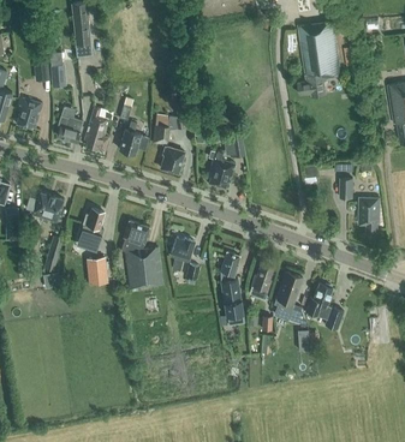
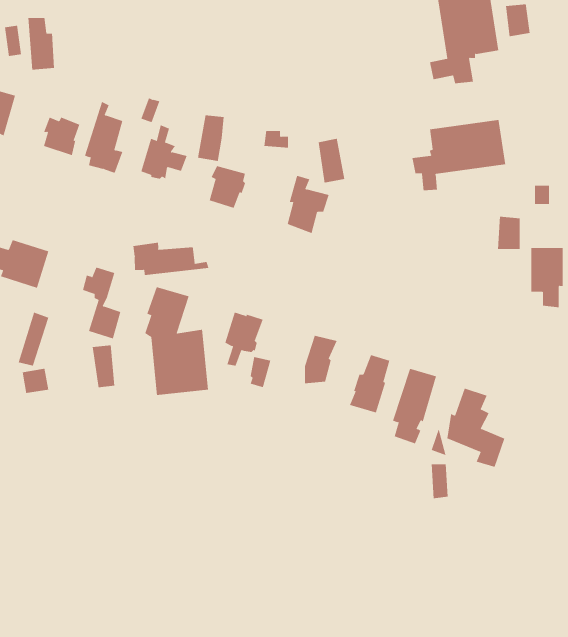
building: none -> [412,119,506,191]
building: none -> [133,242,209,276]
building: [219,277,243,324] -> none

